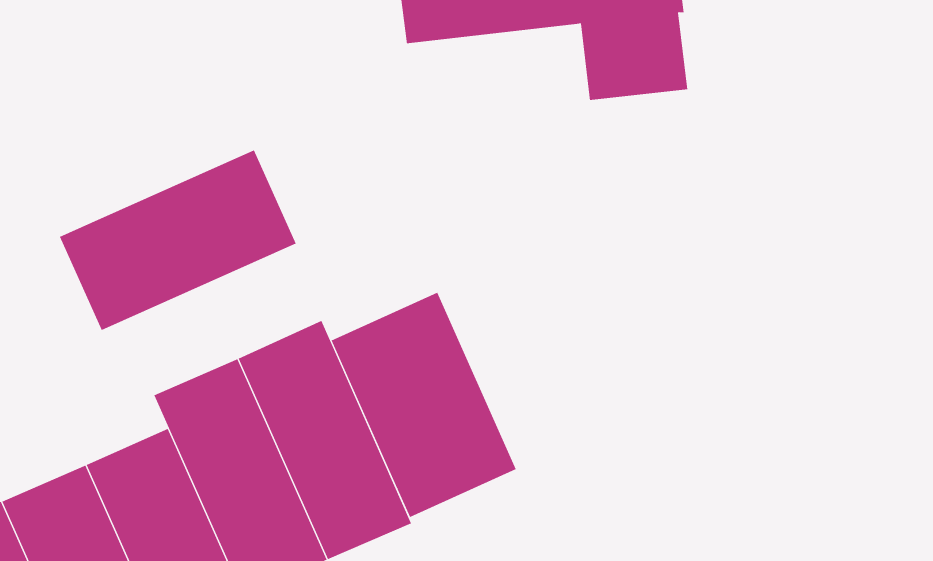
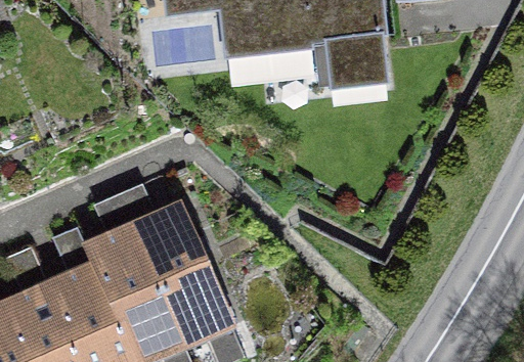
building: [59,150,296,331] -> none
building: [331,292,517,518] -> none

